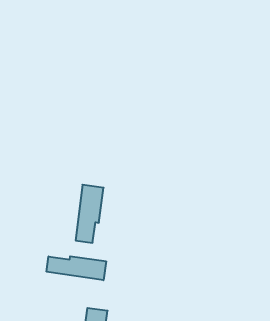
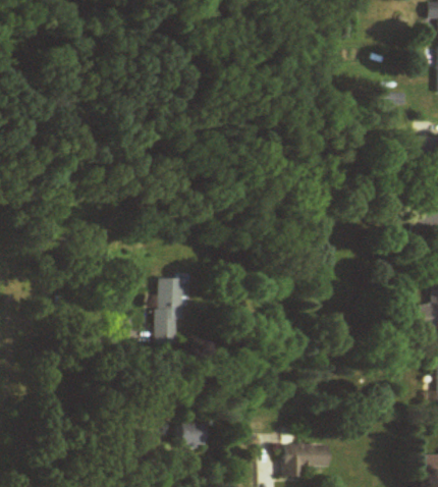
building: [47,256,106,280] -> none

